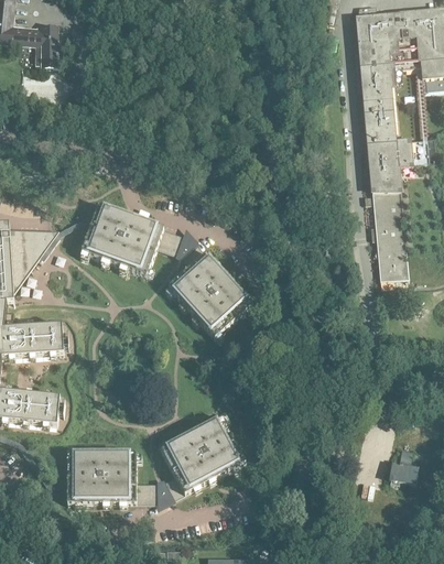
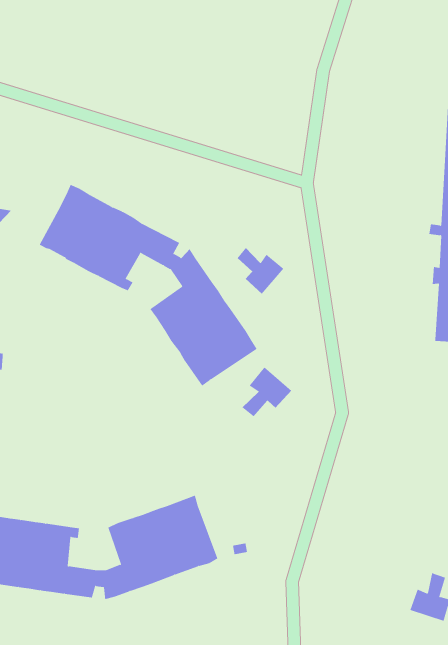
building: none -> [237,247,284,295]
building: none -> [242,367,292,417]

